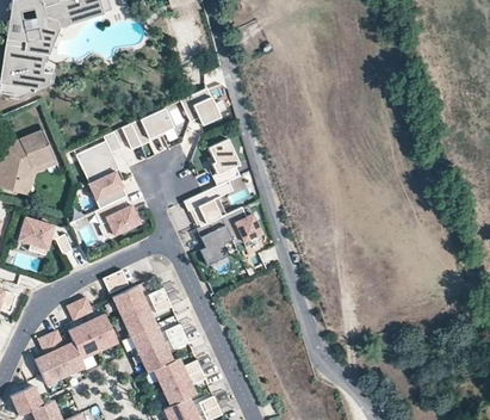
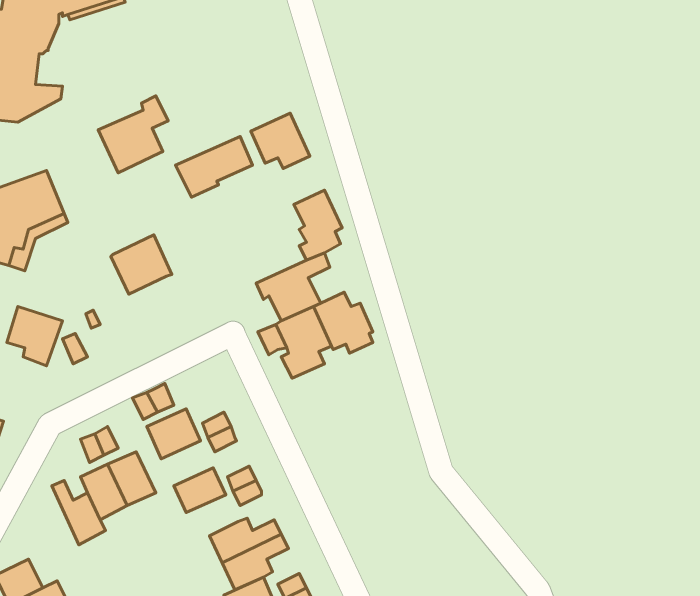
building: [76,131,123,183] -> [98,96,168,173]
building: [97,197,142,234] -> none
building: [122,307,156,336] -> none
building: [36,336,67,384] -> none
building: [138,342,173,372] -> none

